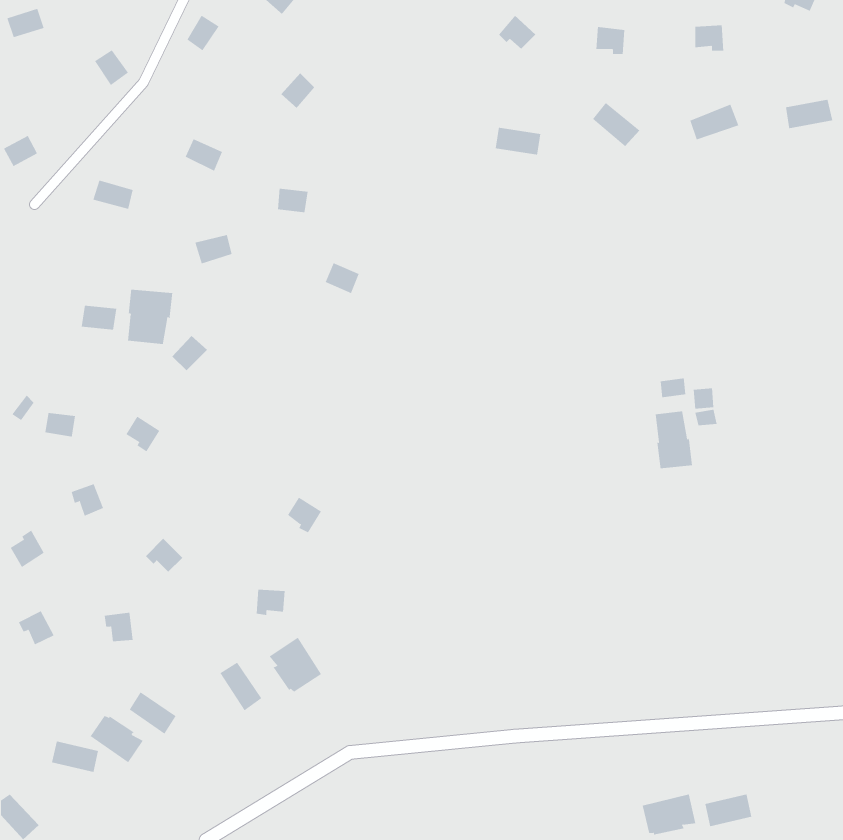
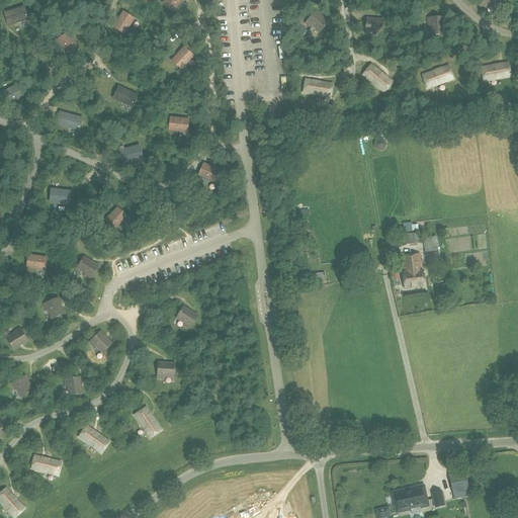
building: [128,289,173,345] -> none
building: [269,637,322,692] -> none
building: [90,715,143,763] -> none

